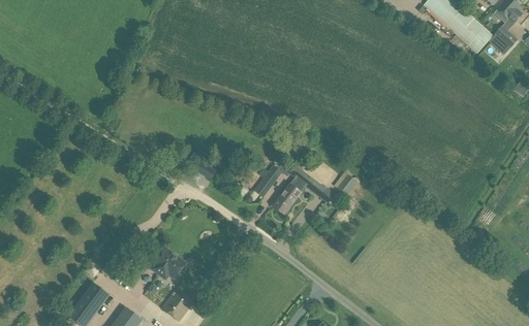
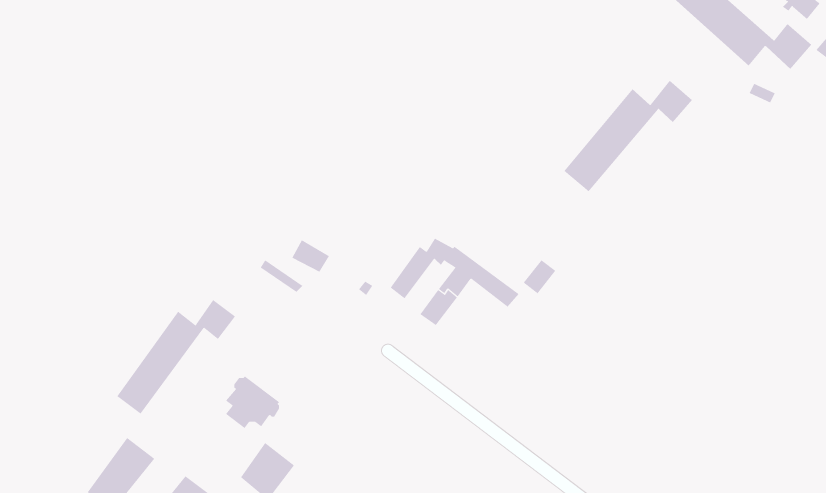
building: none -> [564,80,693,192]
building: none -> [116,299,236,414]

